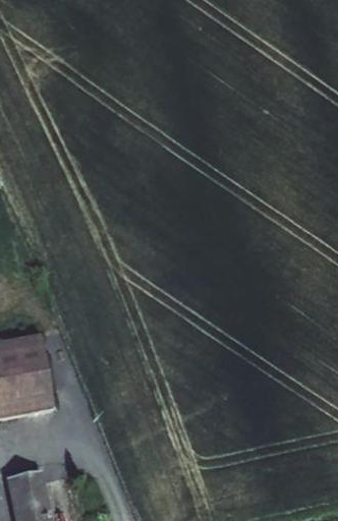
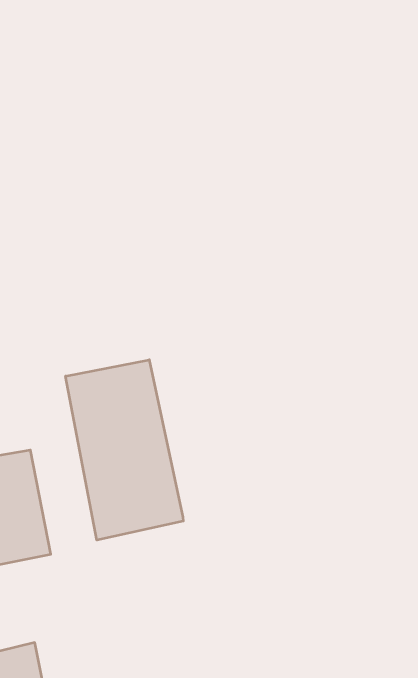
building: none -> [66,360,183,540]

